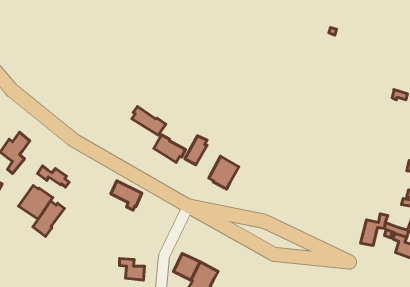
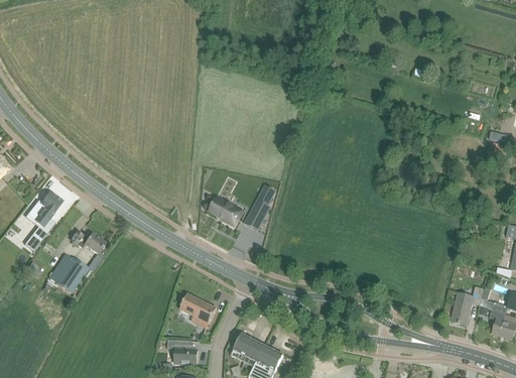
building: [132,106,166,135] -> none
building: [209,156,239,189] -> none
building: [111,181,142,210] -> [179,292,216,327]
building: [33,201,65,237] -> none

